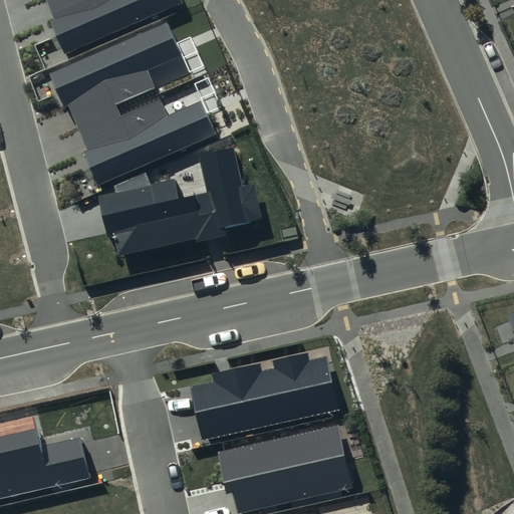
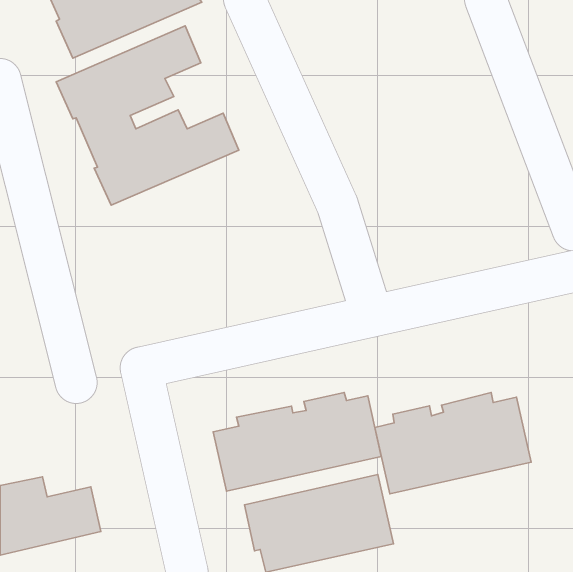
building: [97,146,261,253] -> none
building: none -> [375,393,531,494]

